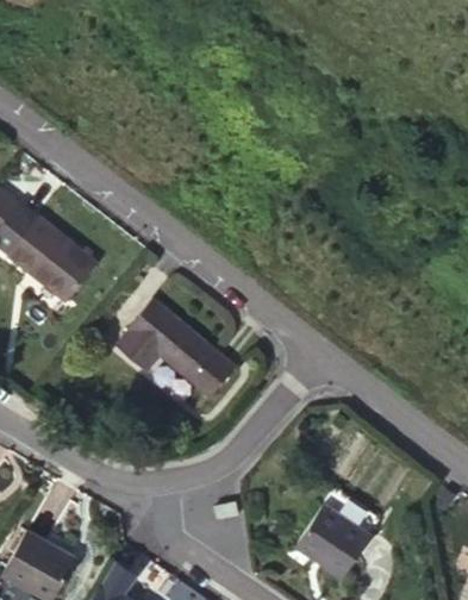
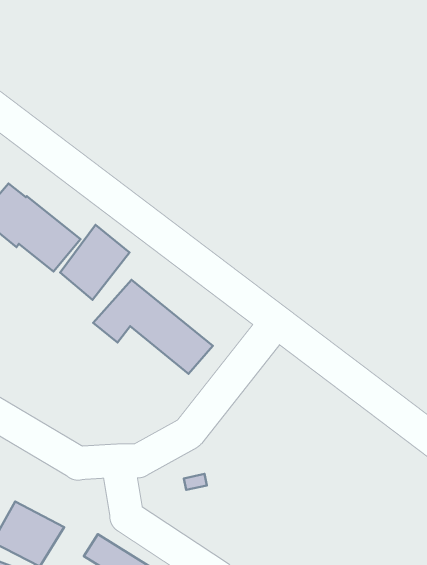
building: none -> [60,225,129,300]
building: [292,507,367,580] -> none

